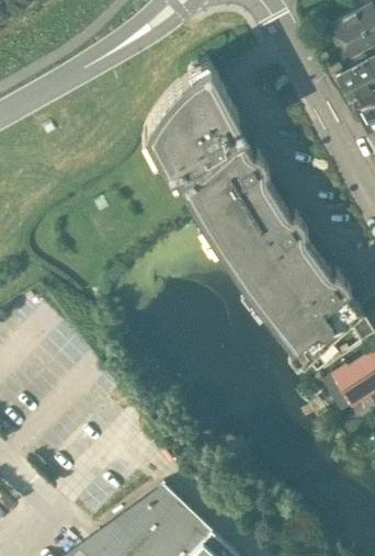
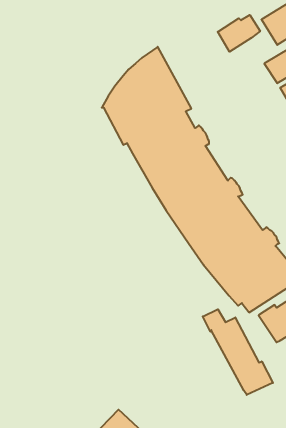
building: none -> [218,15,260,52]
building: none -> [203,309,273,395]

